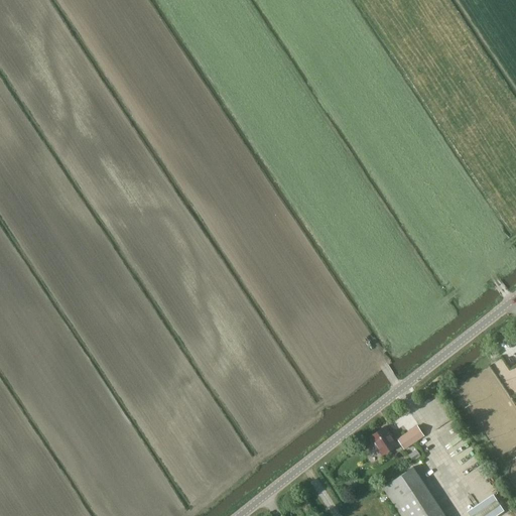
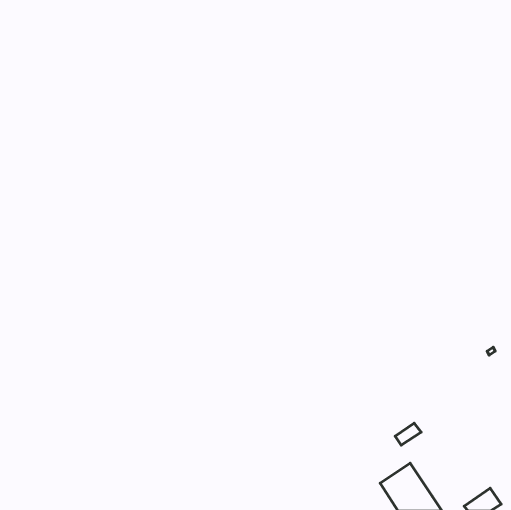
building: [370,427,397,456] -> none

